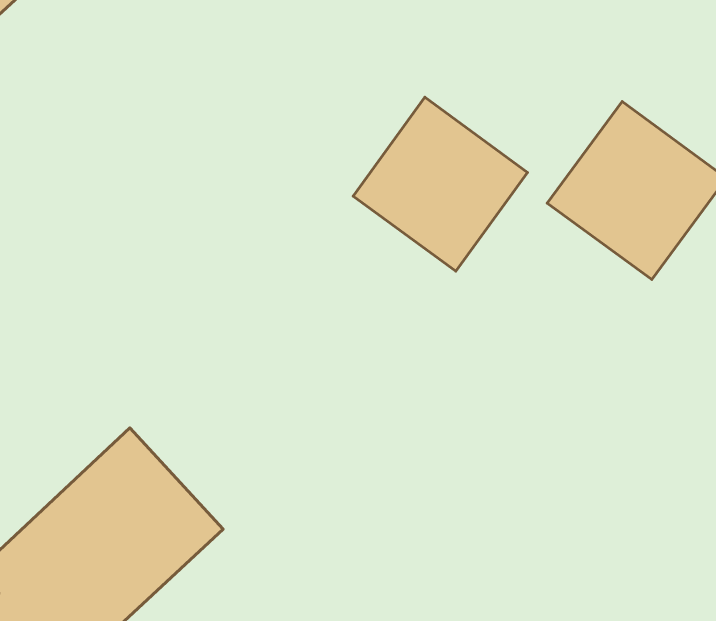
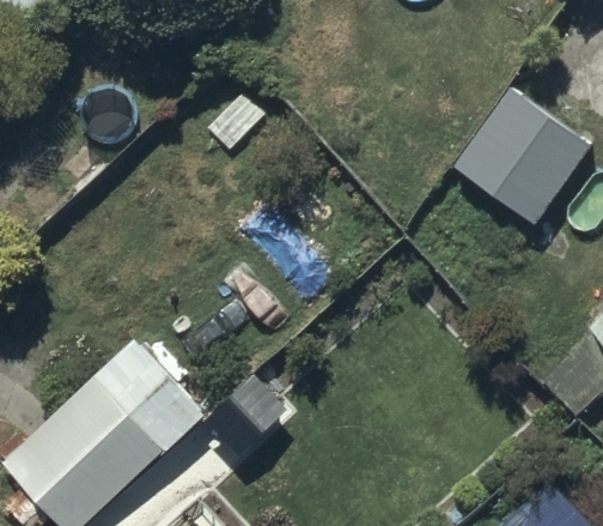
building: [353,97,527,271] -> none

